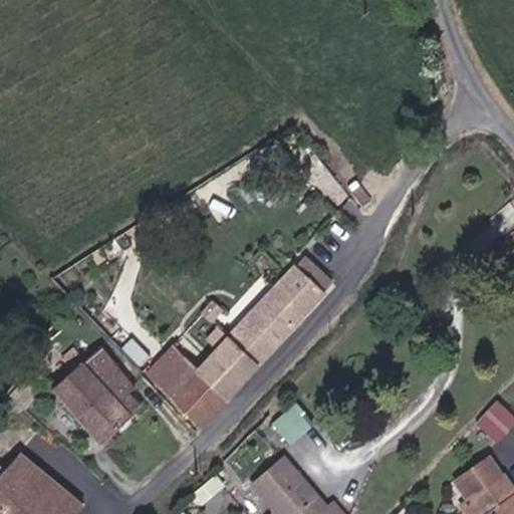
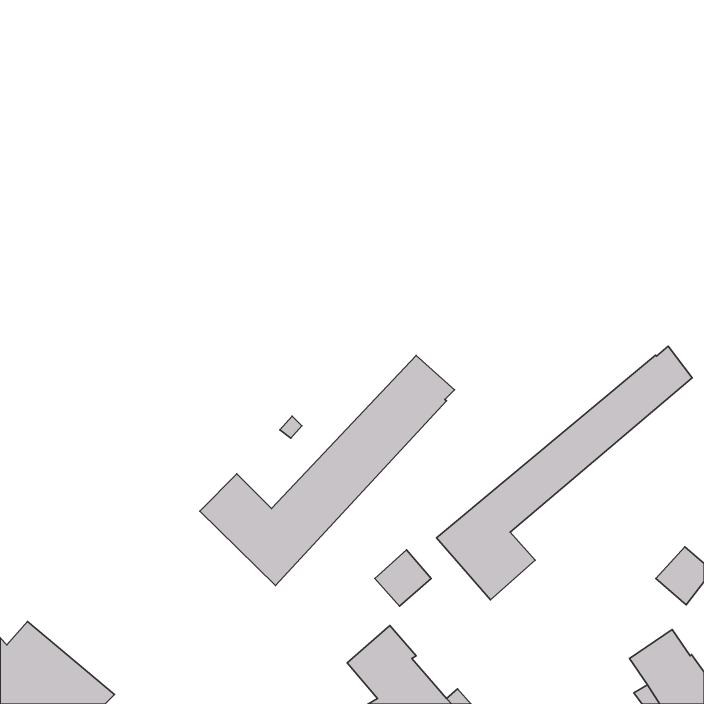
building: none -> [437,346,692,600]
building: [53,348,142,444] -> none

